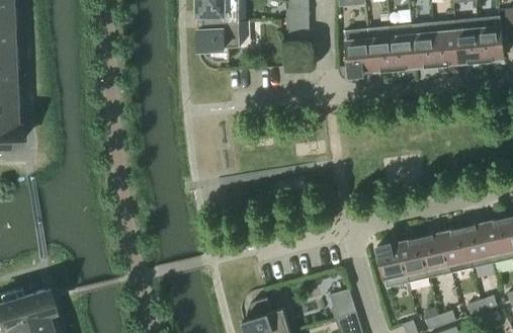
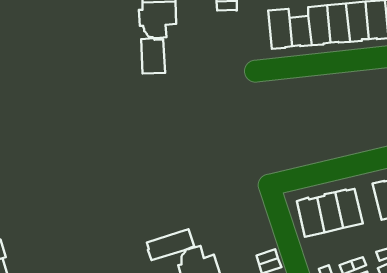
building: none -> [141,38,165,74]
building: [443,226,474,271] -> none
building: none -> [147,229,194,260]

